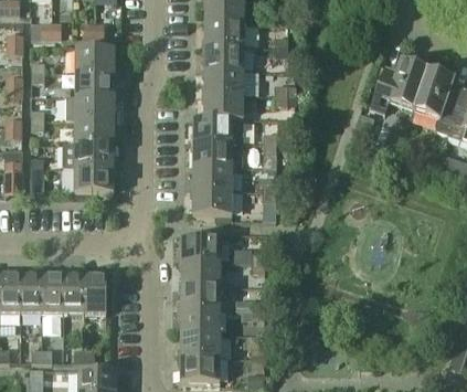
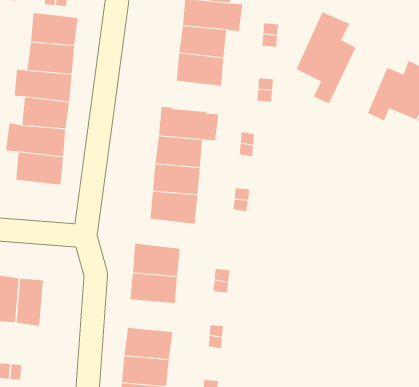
building: none -> [296,12,356,104]
building: [203,94,243,119] -> none
building: [180,285,220,309] -> none

